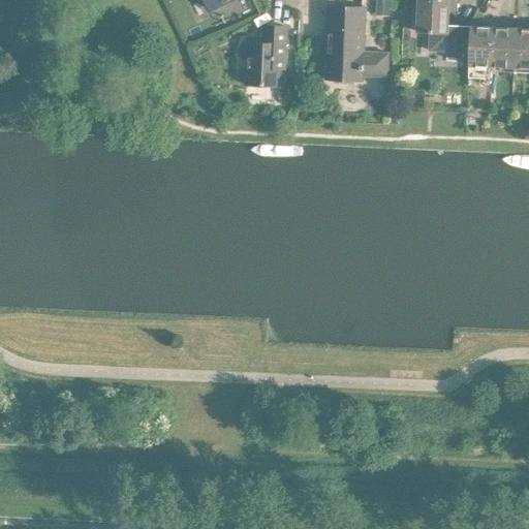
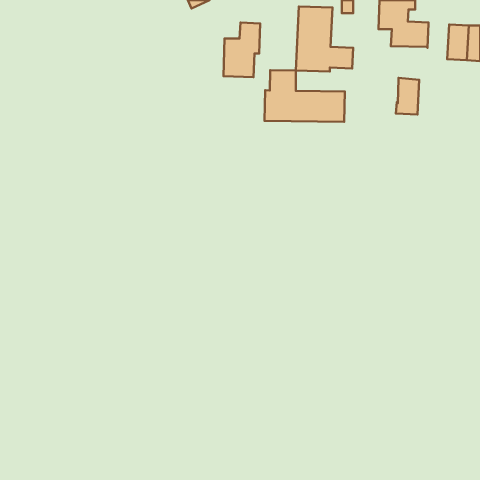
building: [468,25,494,65] -> [396,78,419,114]
building: none -> [264,70,345,122]

